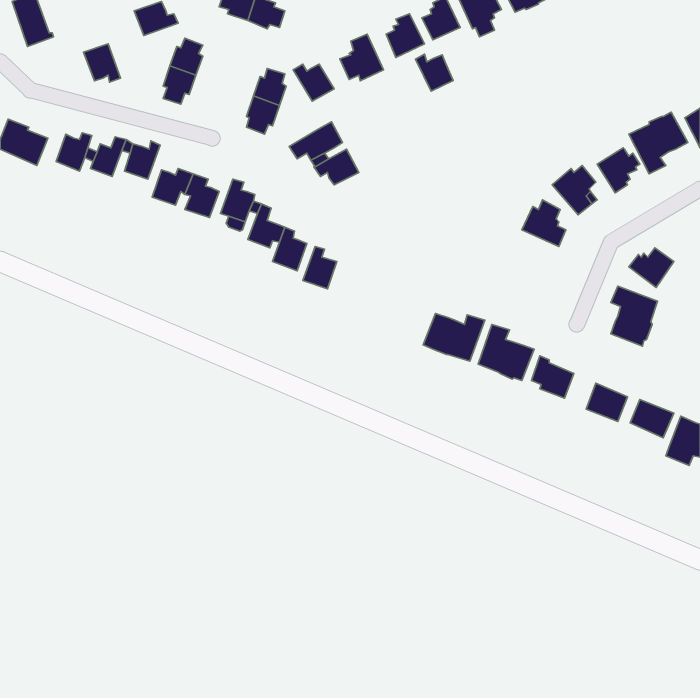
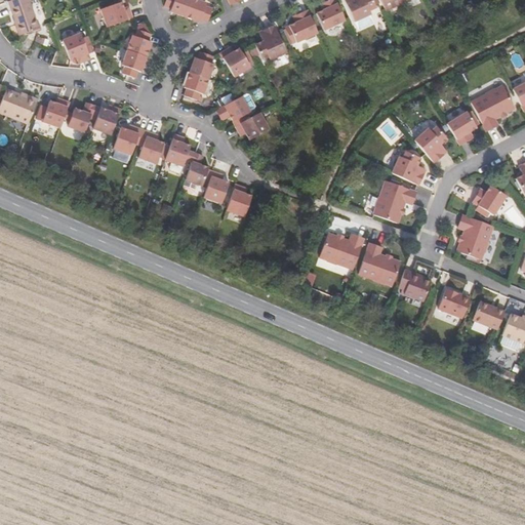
building: [416,54,453,91] -> none
building: none -> [372,179,416,223]

